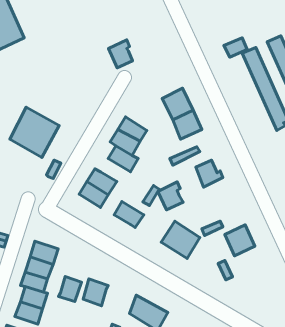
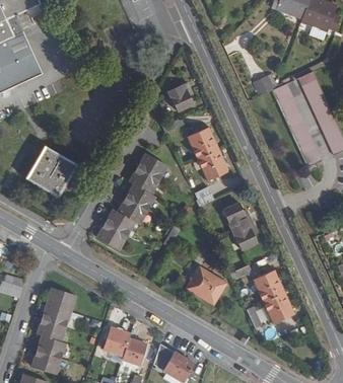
building: [108,40,132,68] -> [166,80,192,109]
building: [158,182,183,210] -> [230,220,257,249]
building: [114,201,144,227] -> [122,200,153,227]
building: none -> [263,292,293,322]
building: [59,276,82,301] -> [121,337,145,364]

